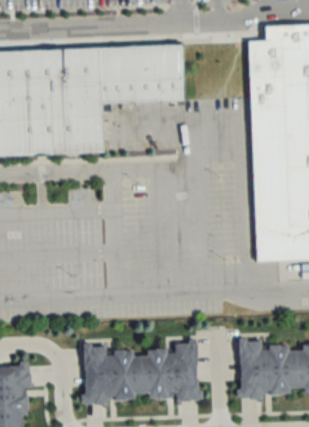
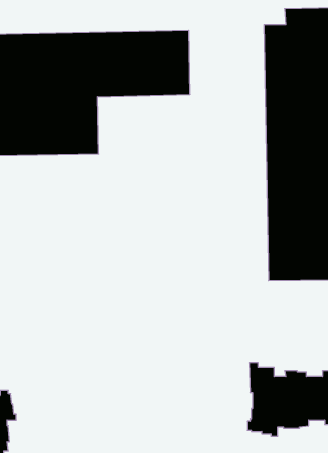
building: [80,338,201,406] -> none

